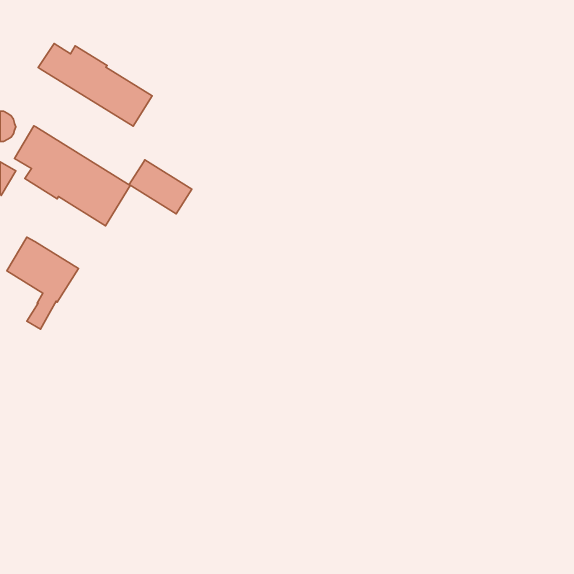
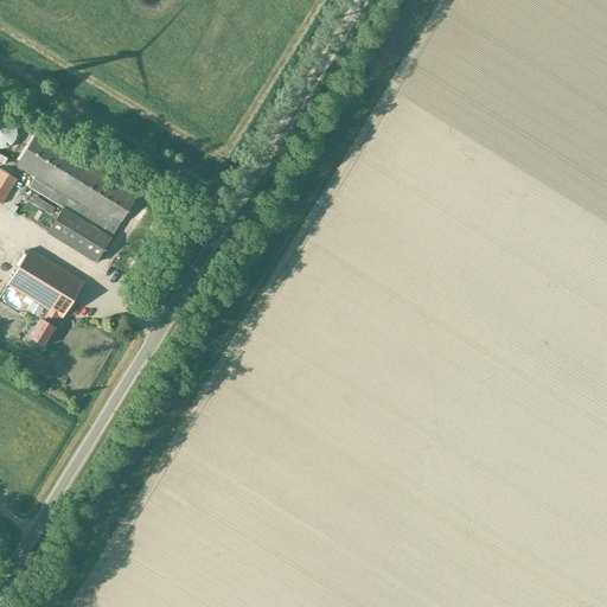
building: [38,43,152,126] -> none
building: [129,160,192,214] -> [45,207,111,264]

